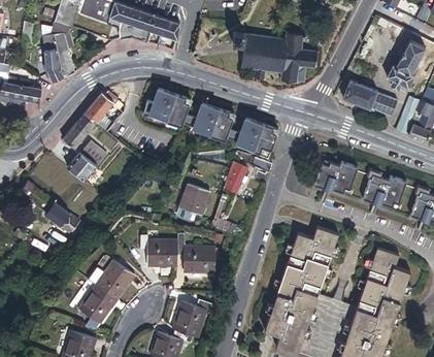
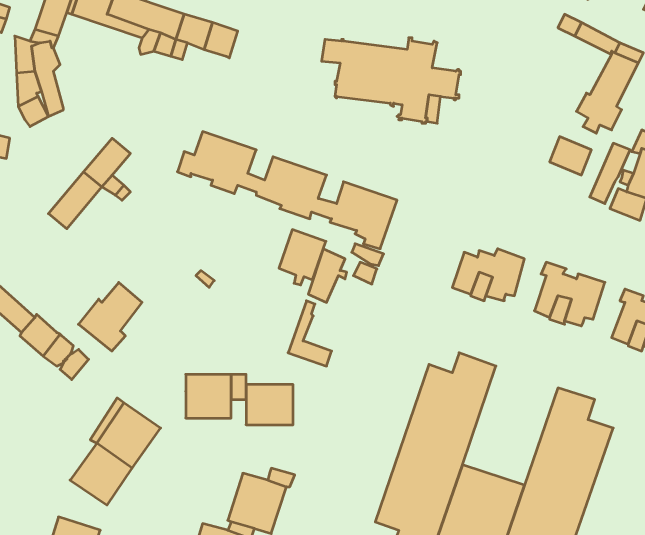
building: [343,78,377,107] -> none
building: [67,141,106,184] -> [78,282,142,351]
building: [180,181,209,215] -> [279,230,326,285]

